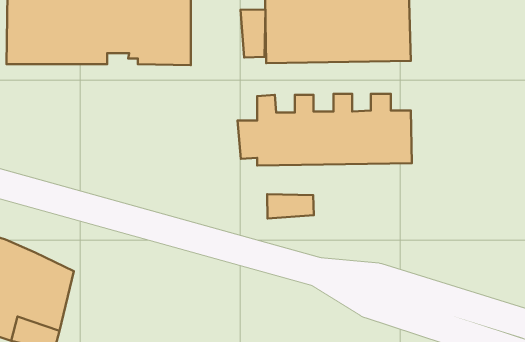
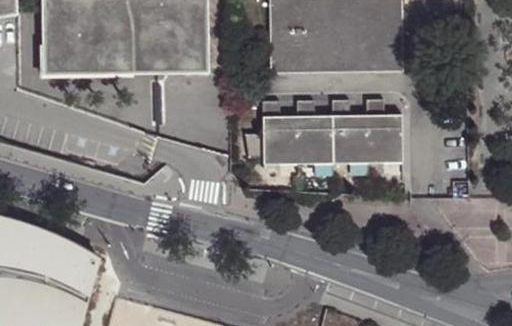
building: [241,10,265,57] -> none
building: [267,194,314,219] -> none

